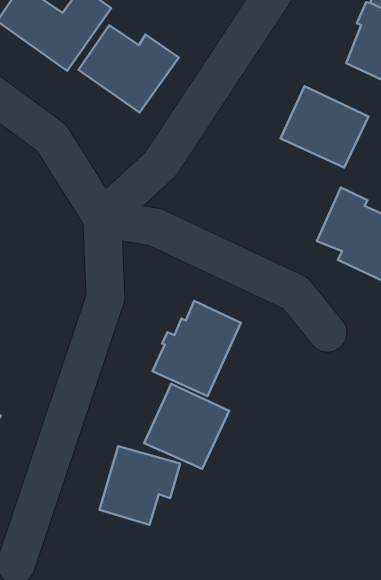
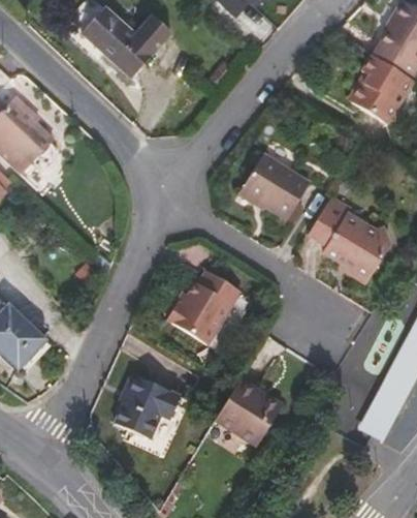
building: [78,25,179,112] -> none
building: [281,86,368,168] -> [240,152,311,219]
building: [144,384,229,469] -> [215,376,284,446]

